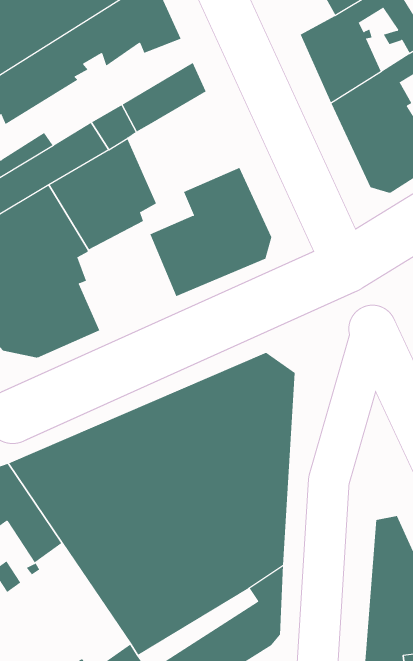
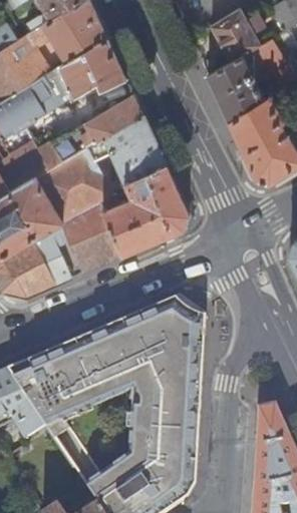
building: none -> [104,114,167,184]
building: none -> [62,203,122,273]

